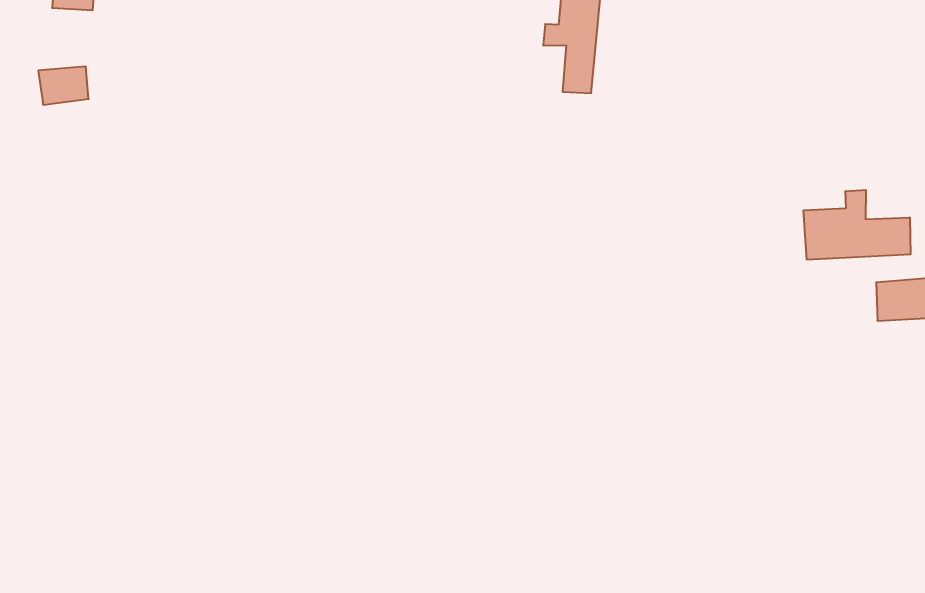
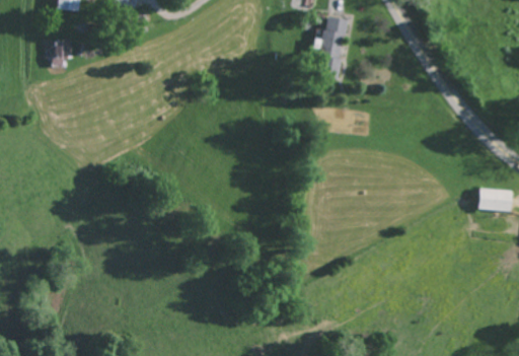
building: [804,190,910,260] -> none

